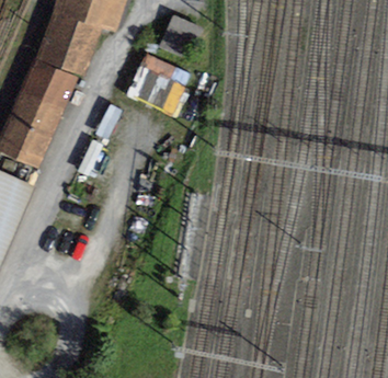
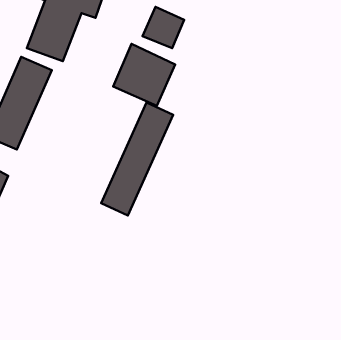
building: none -> [101,102,173,215]

